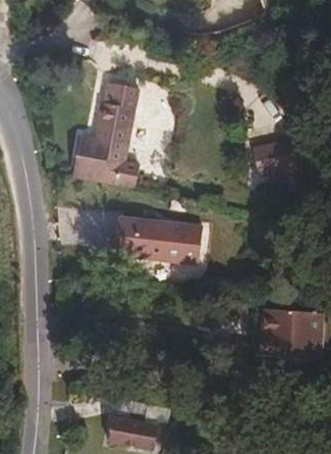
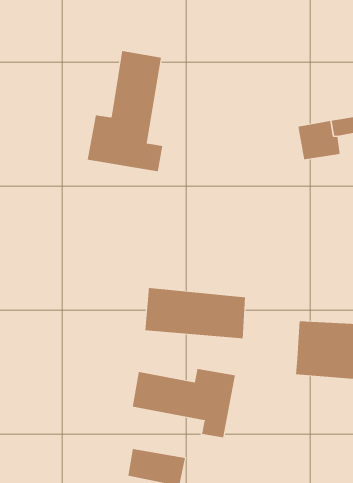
building: [116,216,203,260] -> [145,288,246,339]
building: none -> [132,368,236,438]

